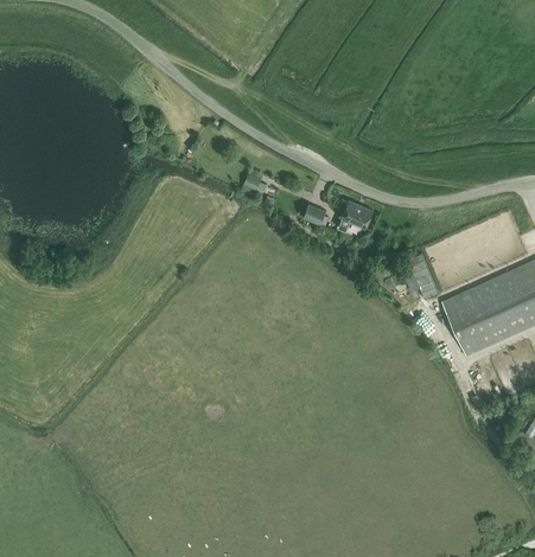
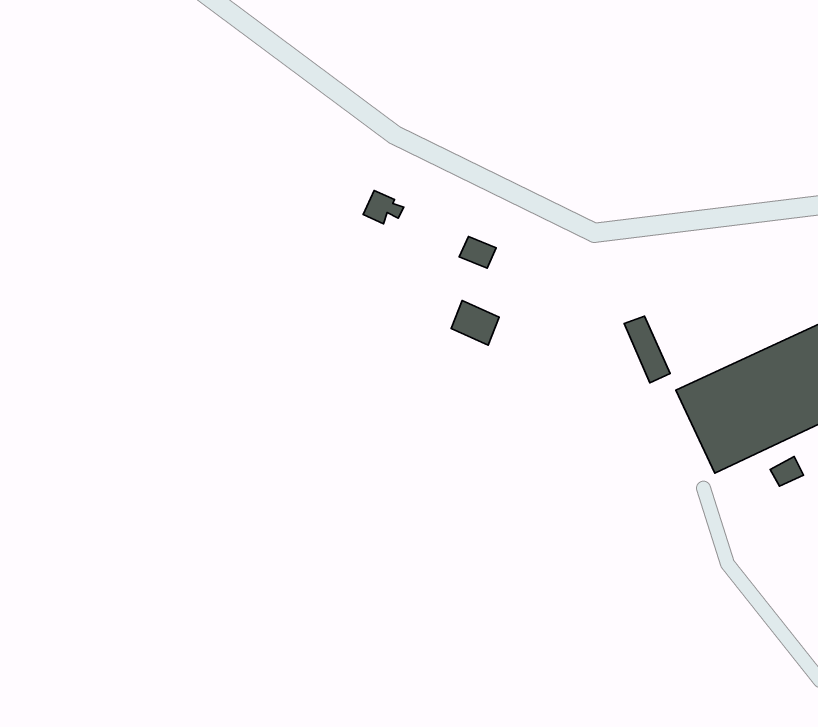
building: [342,200,372,229] -> [451,301,499,345]

